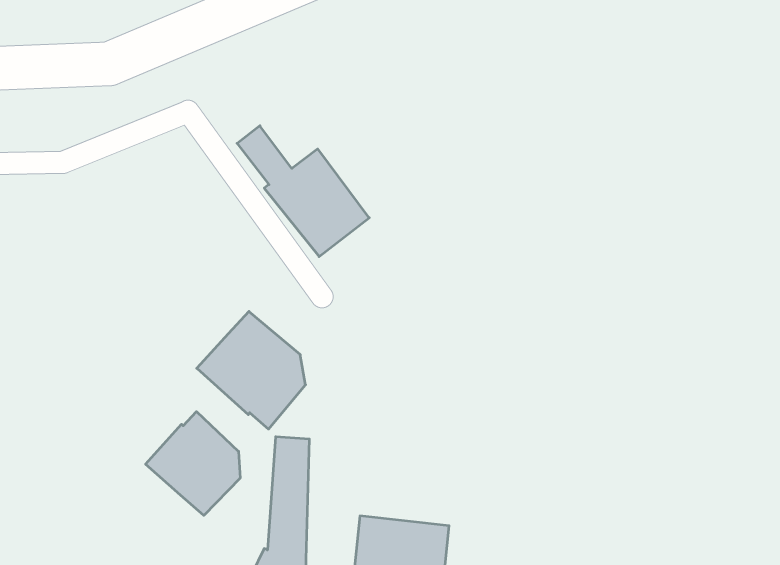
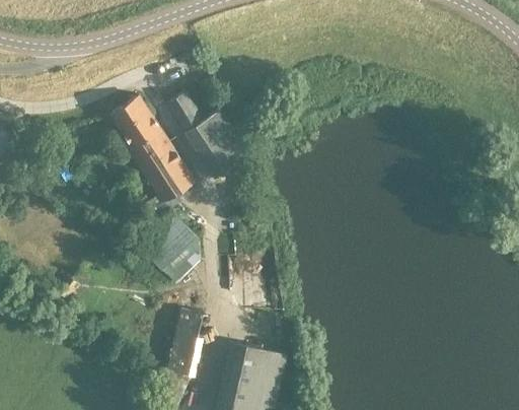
building: none -> [110,96,197,204]
building: [146,412,240,515] -> none

